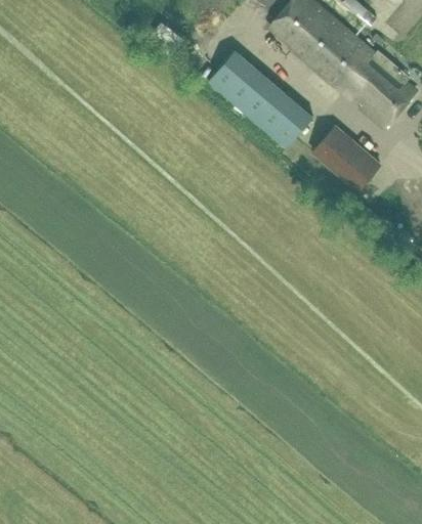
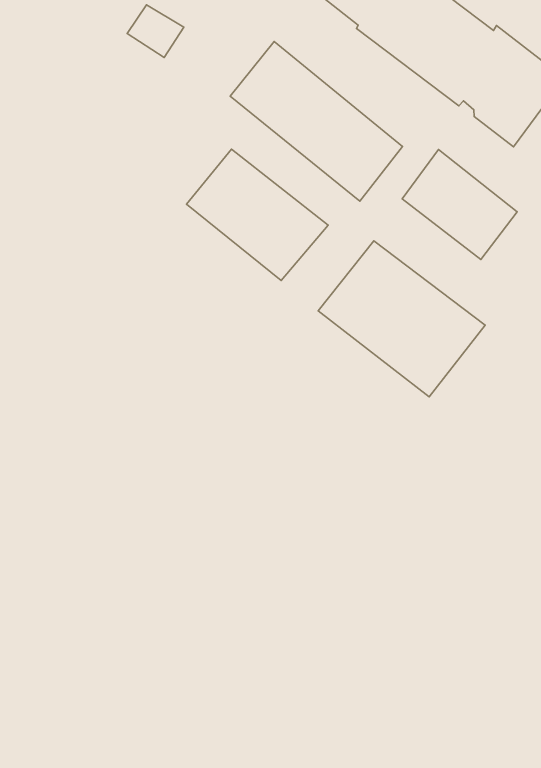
building: none -> [186,149,328,280]
building: none -> [318,241,485,397]

